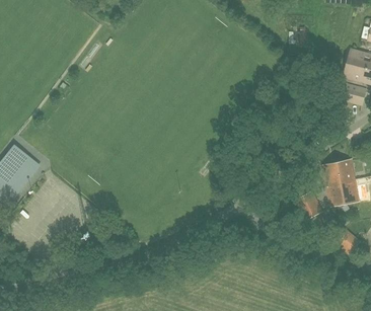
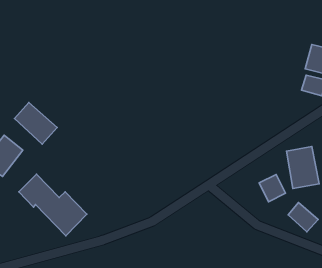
building: none -> [14,102,57,144]
building: none -> [19,174,87,236]

